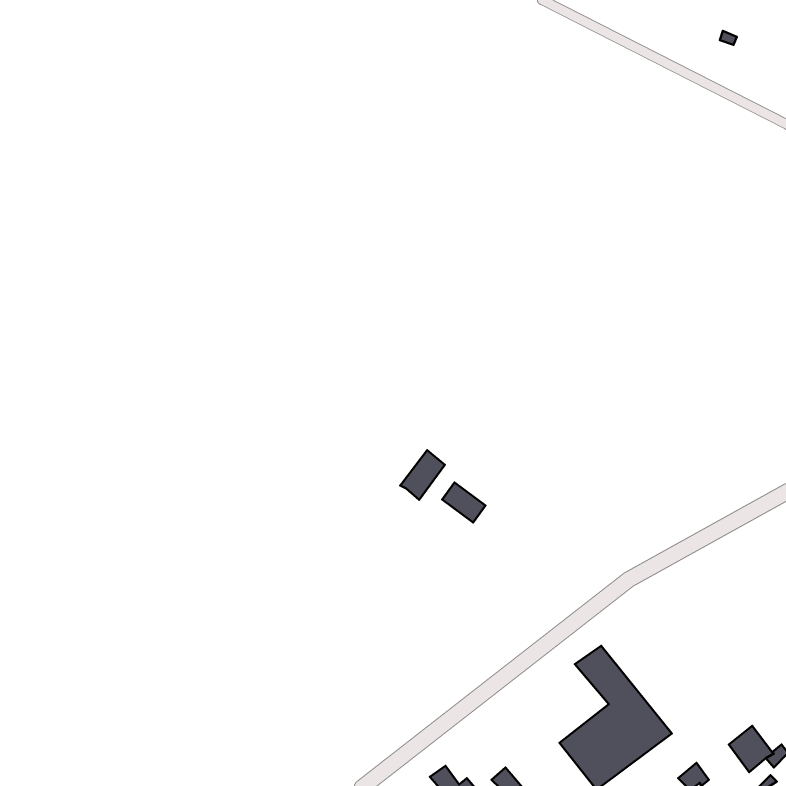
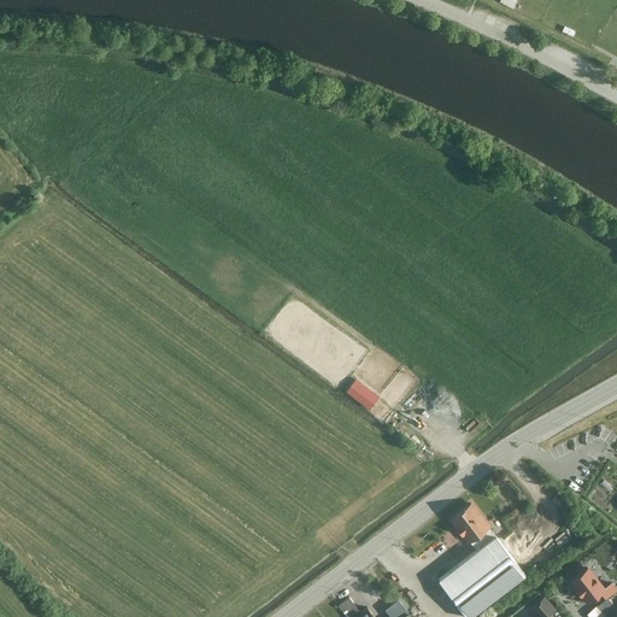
building: [400,450,445,500] -> none

